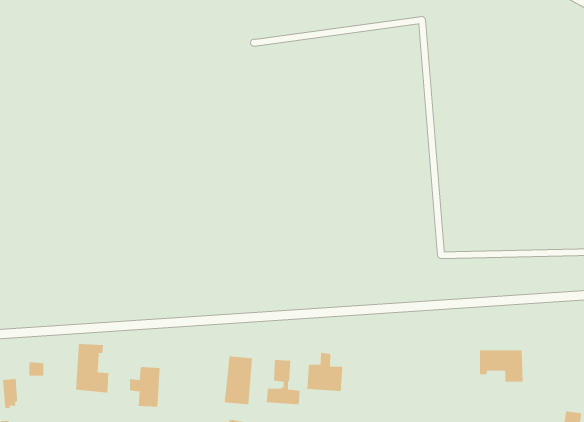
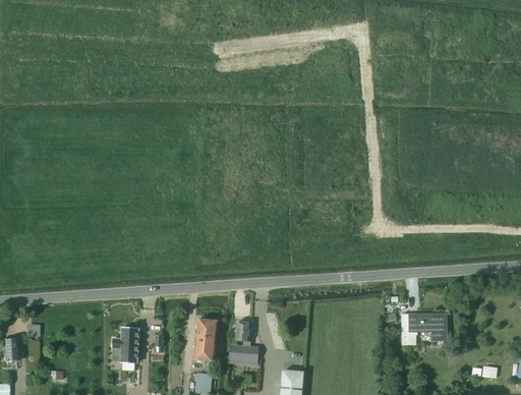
building: [76,343,109,393] -> none
building: [307,352,343,392] -> none

